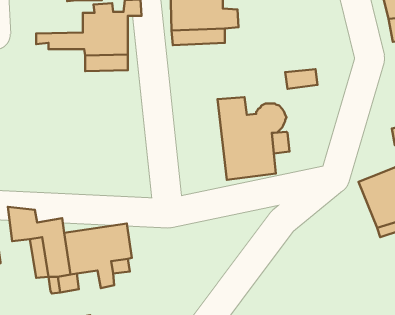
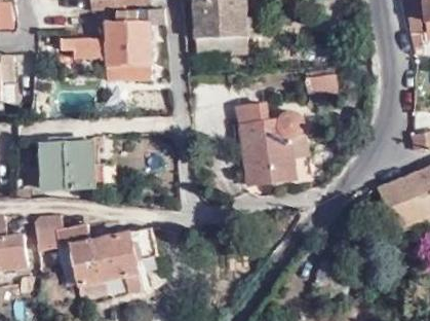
building: none -> [38,139,90,182]

